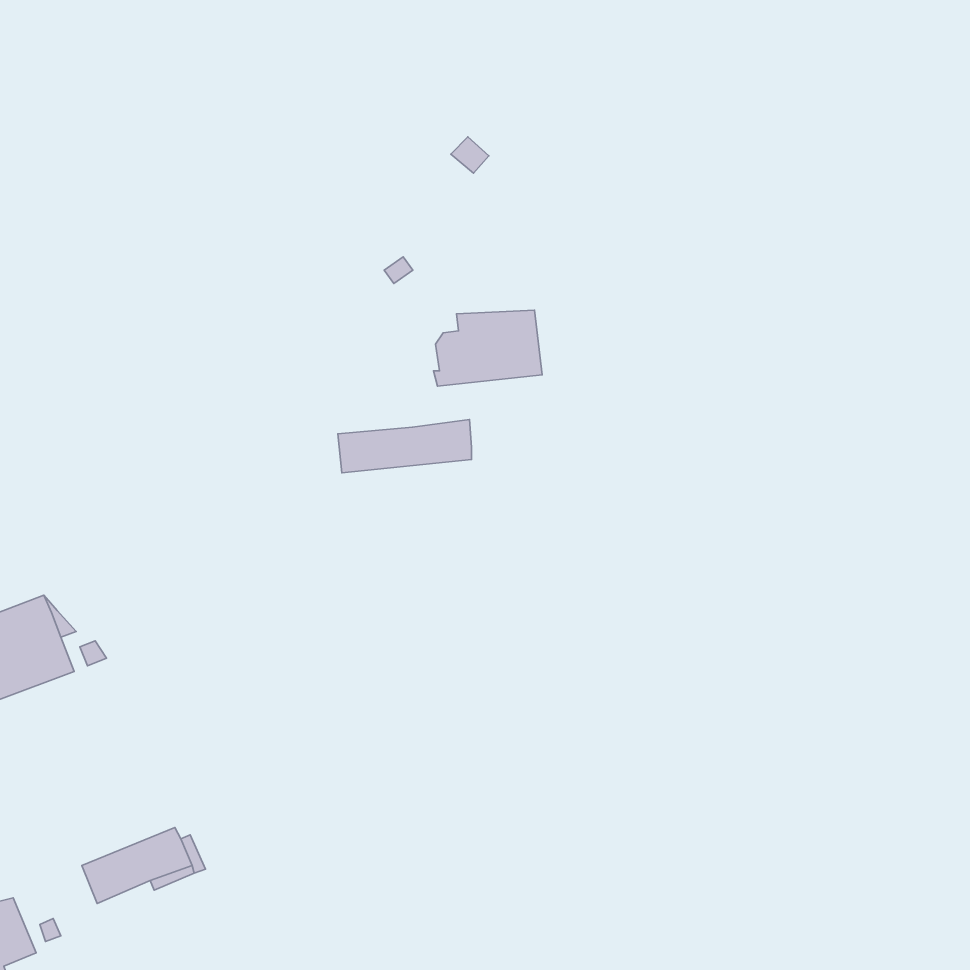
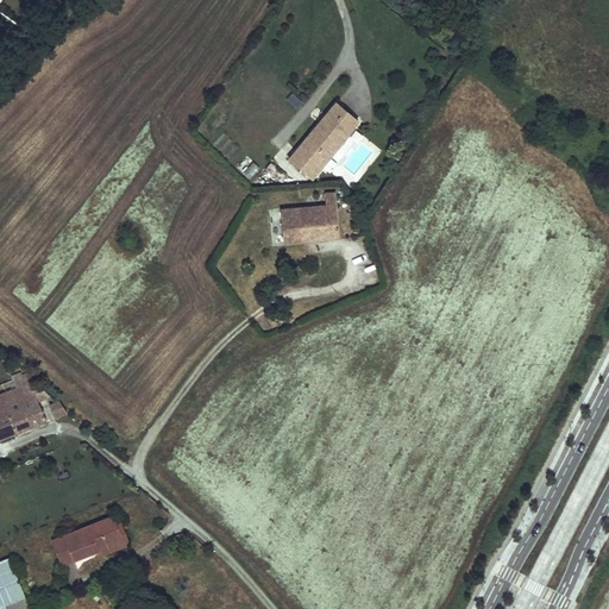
building: none -> [288,102,358,180]
building: [338,420,472,473] -> none

